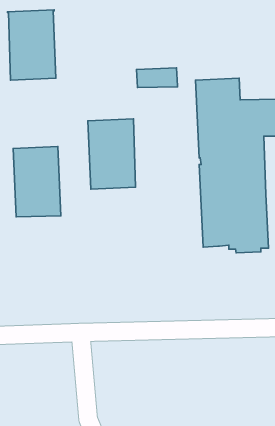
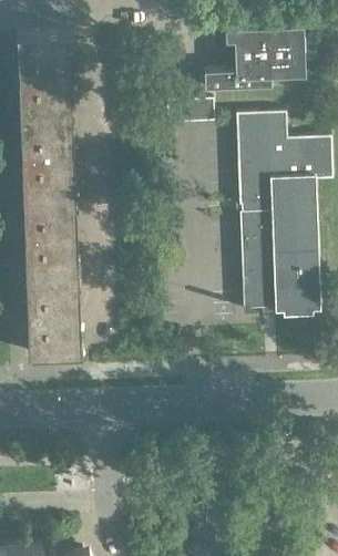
building: none -> [204,31,305,93]
building: [88,119,135,189] -> [19,116,74,198]
building: none -> [25,277,82,359]

